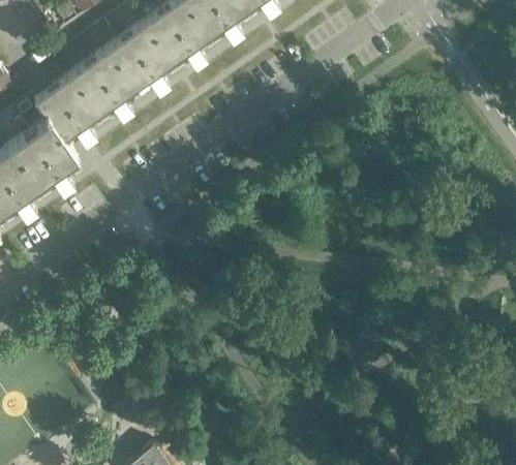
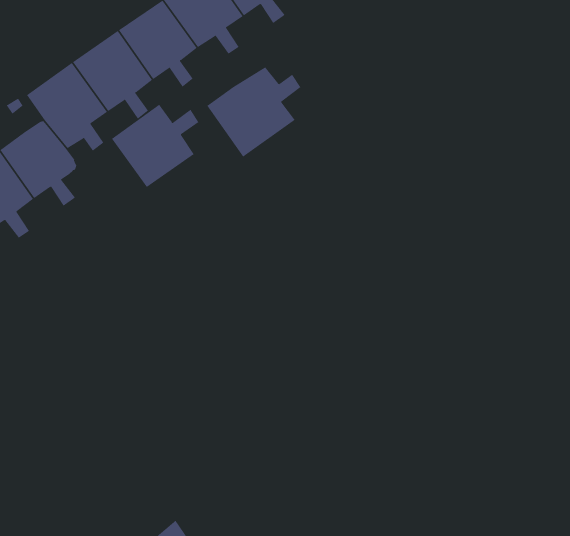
building: none -> [207,67,301,157]
building: none -> [111,104,199,188]

